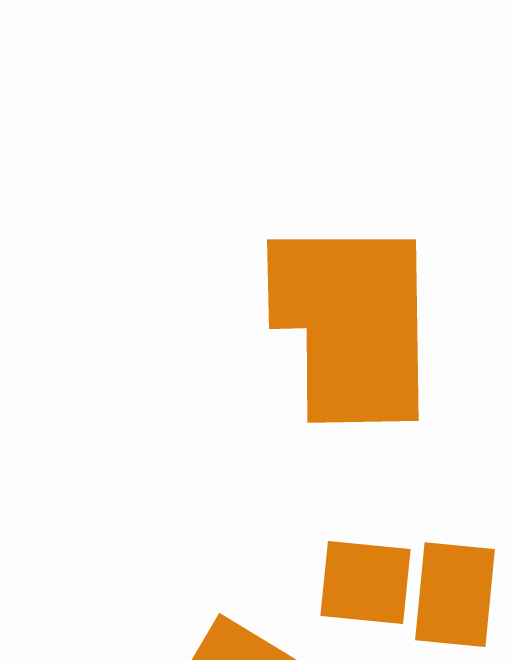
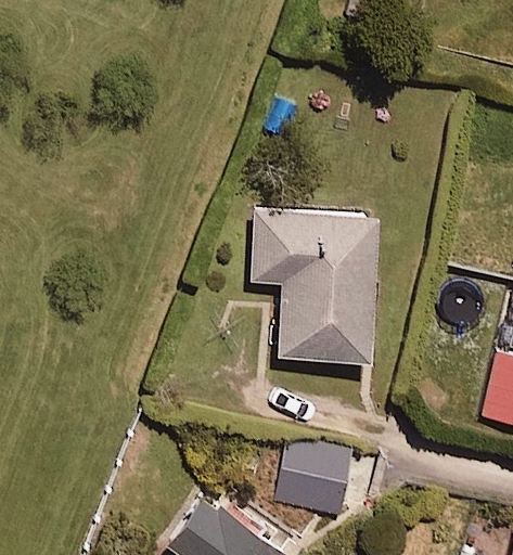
building: [414,541,496,648] -> none

